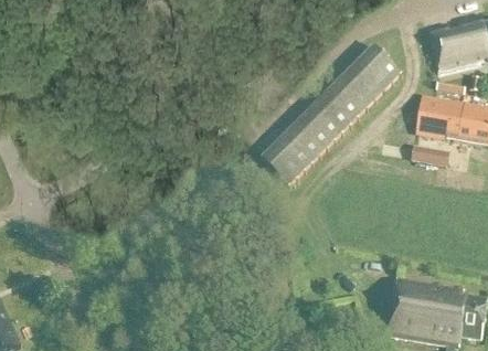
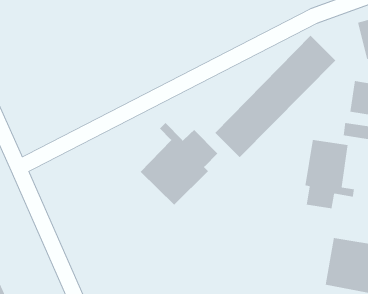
building: none -> [140,122,218,205]
building: none -> [305,139,354,209]

